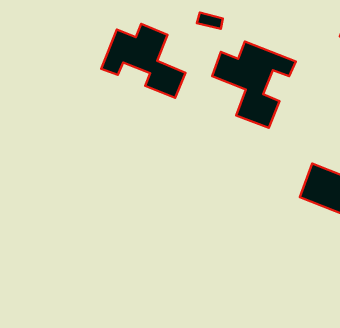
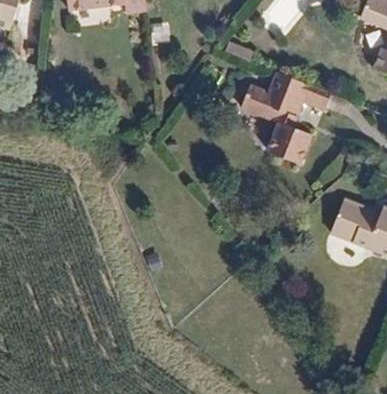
building: [101,24,185,98] -> none

